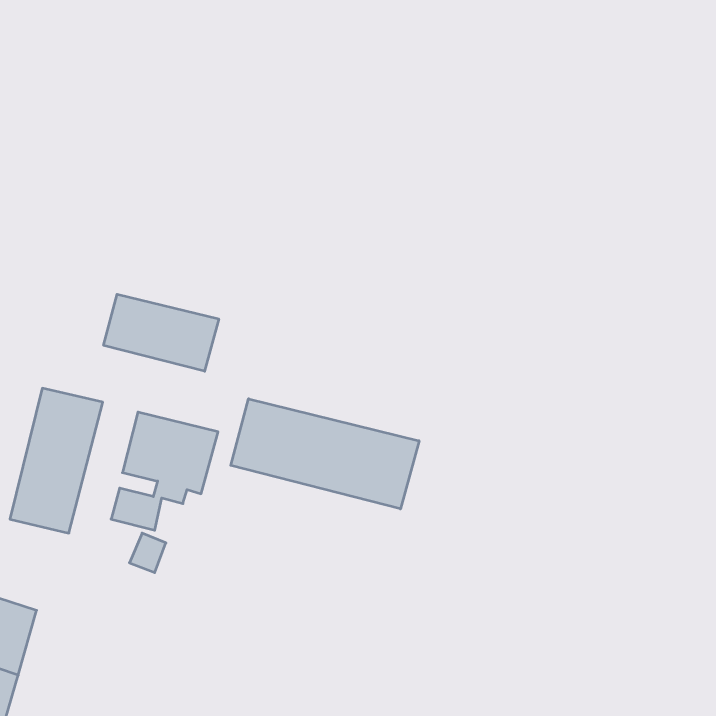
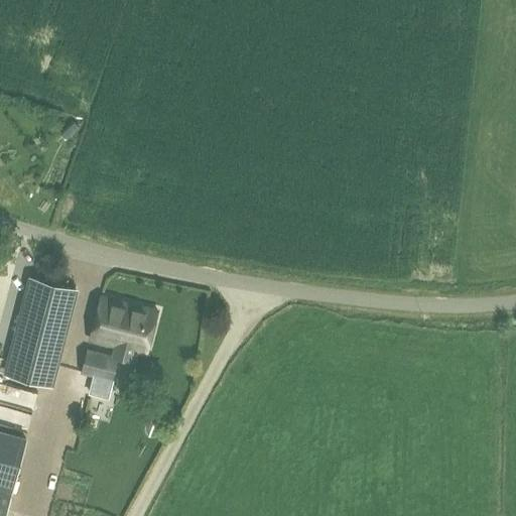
building: [104,294,219,371] -> none
building: [231,399,419,509] -> none

